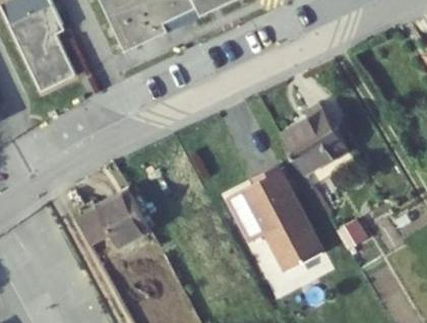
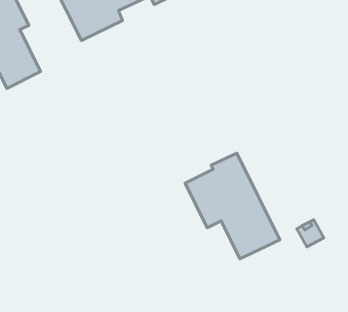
building: [287,107,354,178] -> none
building: [75,193,147,246] -> none

